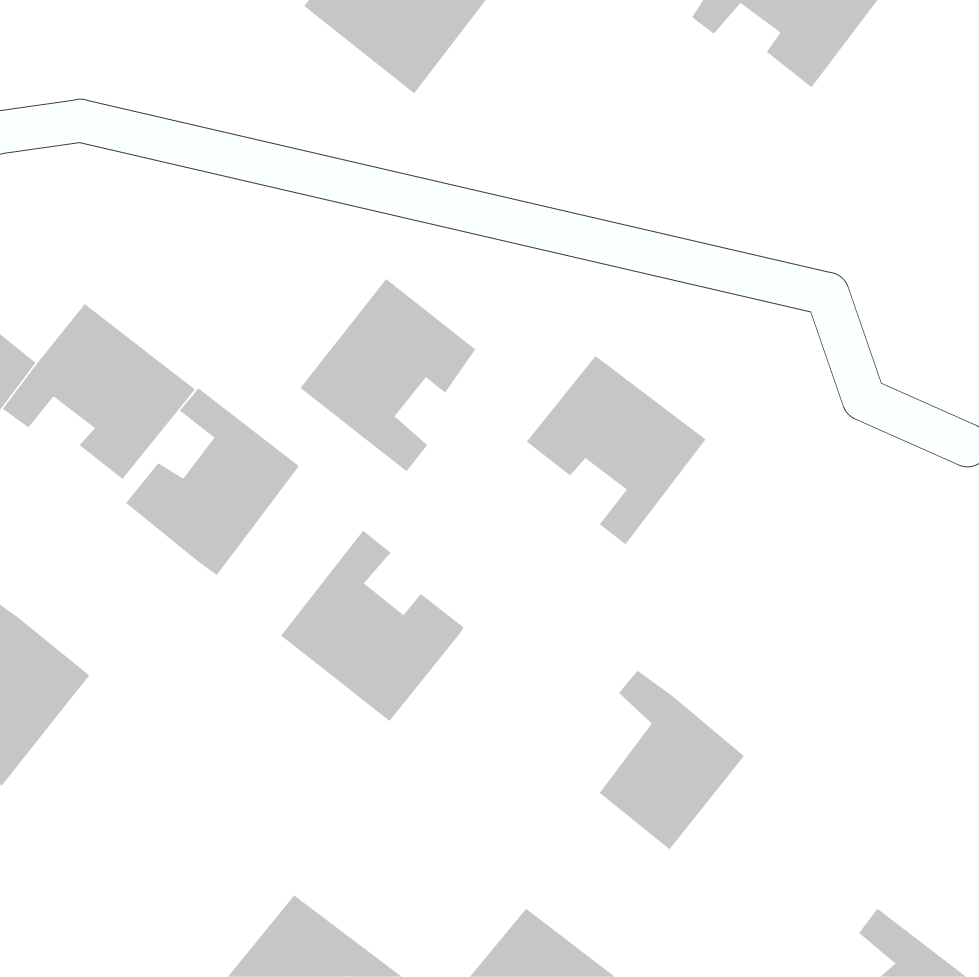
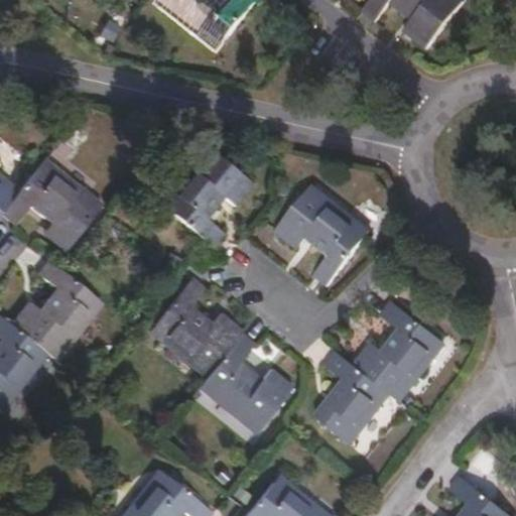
building: [125,388,300,576] -> [9,263,101,362]
building: none -> [353,300,446,404]
building: none -> [198,333,292,434]

